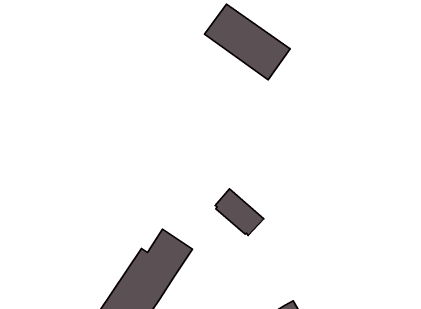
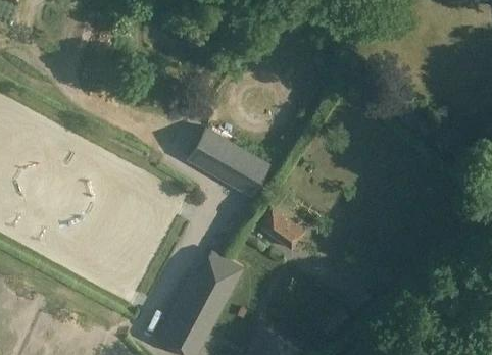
building: [204,4,290,80] -> [186,128,269,196]

